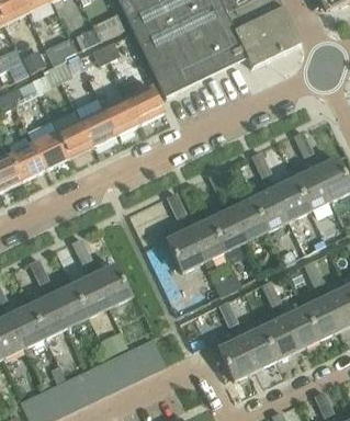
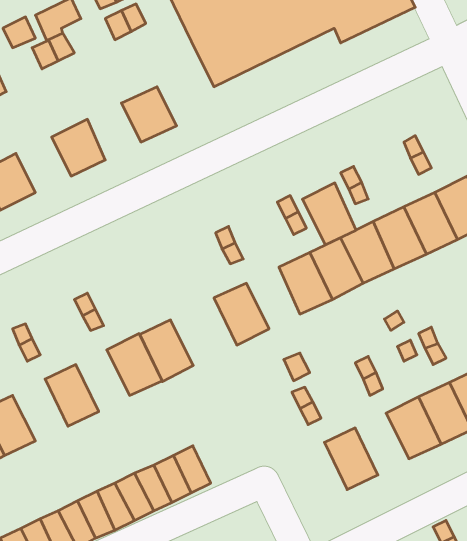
building: [122,80,165,123] -> none
building: [80,107,116,146] -> none
building: [32,130,69,168] -> none
building: [188,218,224,260] -> [302,183,356,245]
building: [72,274,109,316] -> [140,320,193,382]
building: [30,294,67,335] -> none
building: [261,317,297,359] -> none
building: [218,337,256,379] -> none

